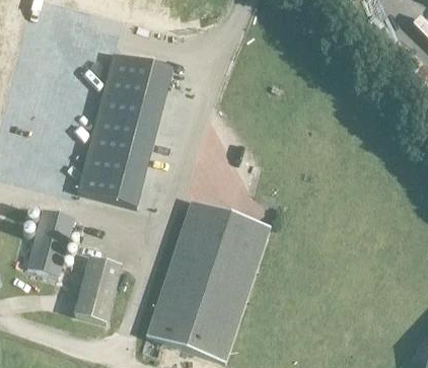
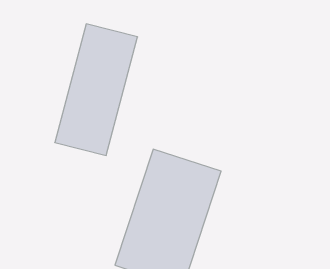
building: [26,208,75,276] -> none
building: [75,255,123,322] -> none

